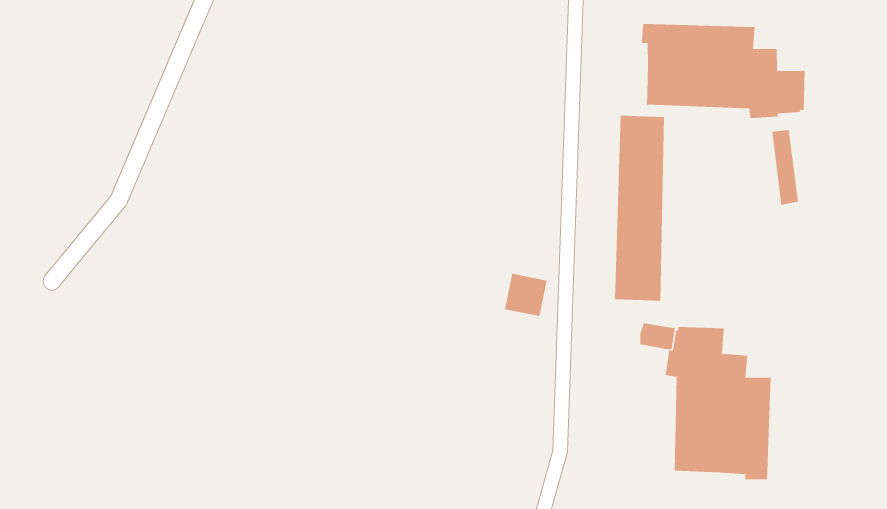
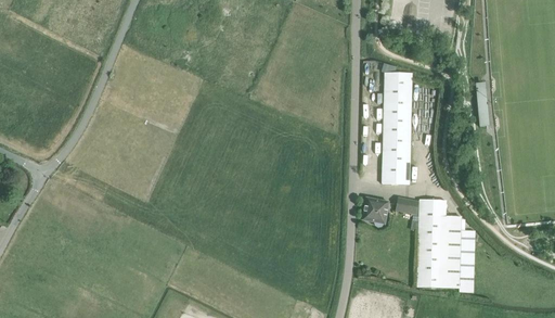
building: [641,23,805,119] -> none
building: [504,273,548,317] -> [362,198,388,224]

